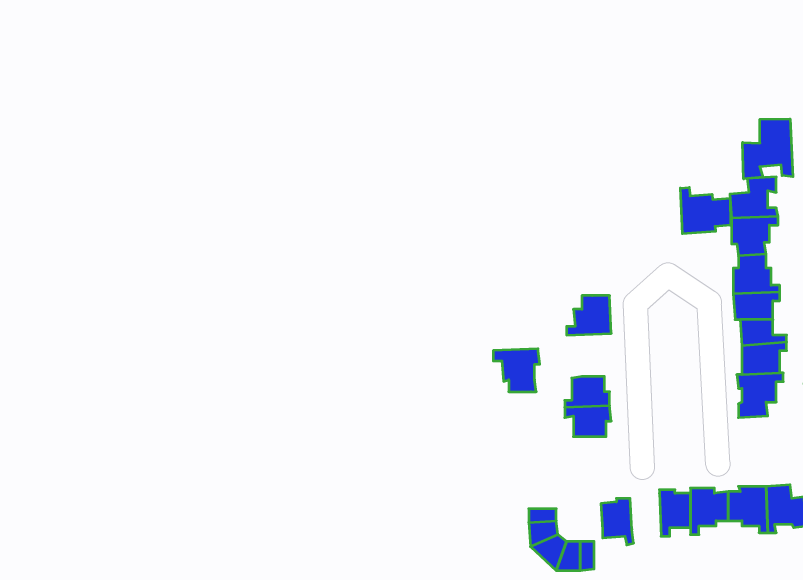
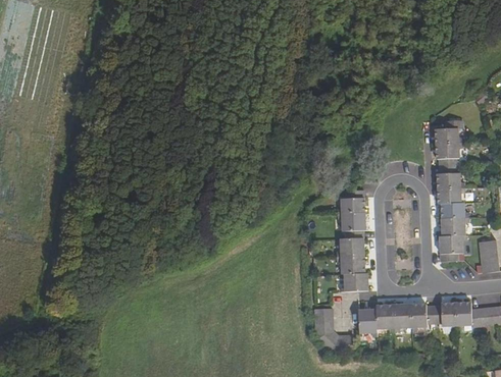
building: [743,119,793,179] -> none
building: [680,187,730,234] -> none
building: [493,349,540,392] -> [338,211,365,236]
building: none -> [340,272,367,290]
building: none -> [375,304,394,331]

